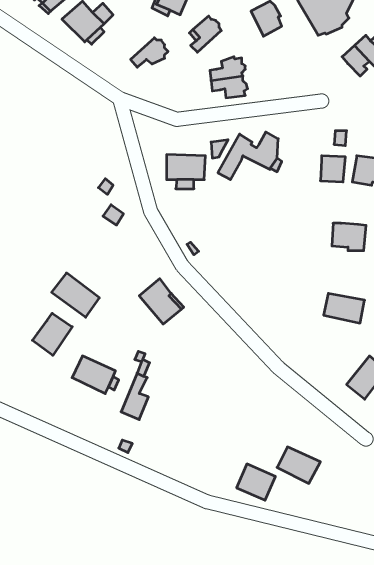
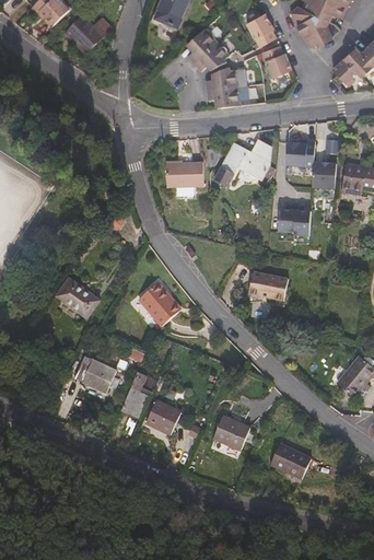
building: none -> [261,46,291,75]
building: [131,38,168,67] -> [194,43,230,71]
building: none -> [287,140,314,167]
building: [332,223,366,251] -> [277,209,309,235]
building: [324,293,365,323] -> [248,271,288,300]
building: [32,313,72,355] -> none
building: none -> [145,399,182,434]
building: [237,464,275,500] -> [213,415,250,450]

